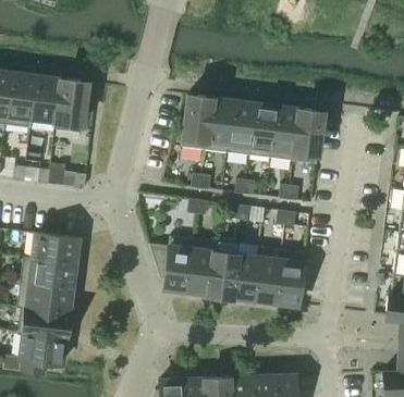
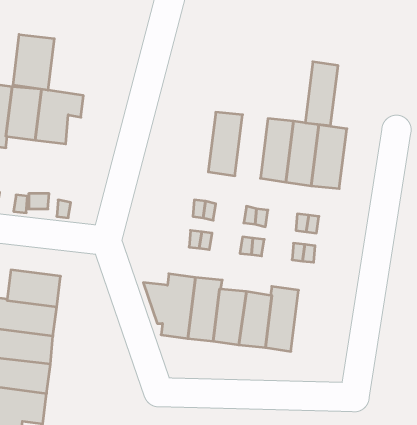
building: none -> [13,34,54,90]
building: [182,95,211,149] -> none
building: [228,100,256,154] -> [305,62,338,125]
building: [276,250,305,306] -> none

